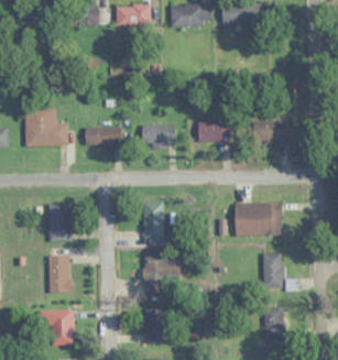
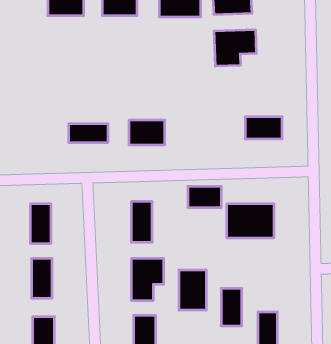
building: none -> [214,30,256,66]
building: [24,109,68,145] -> none
building: [198,122,230,142] -> [188,186,221,207]
building: [263,253,283,288] -> [221,288,242,326]
building: none -> [179,270,206,310]

